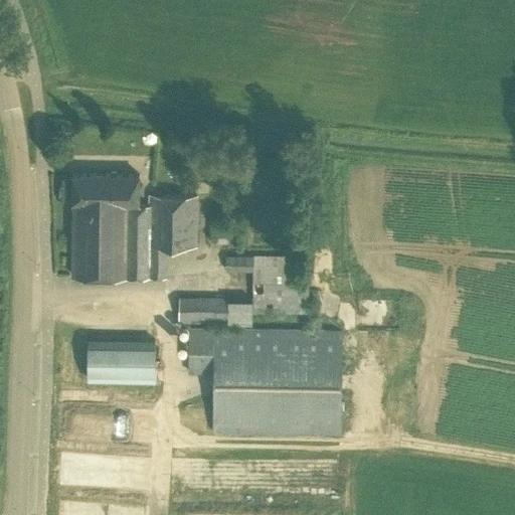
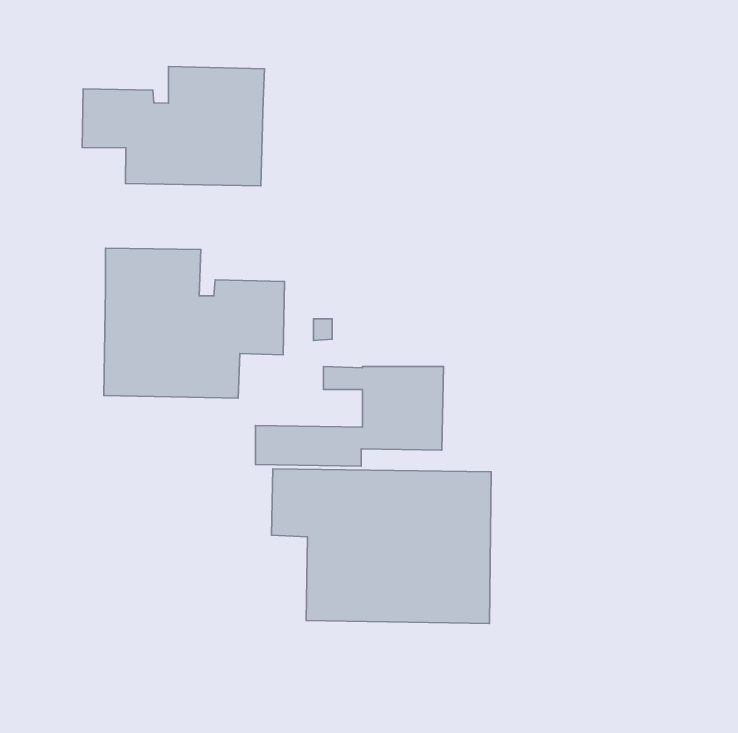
building: none -> [82,66,265,186]
building: [88,341,155,385] -> none

